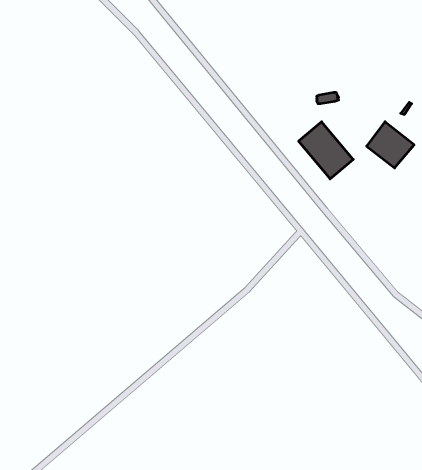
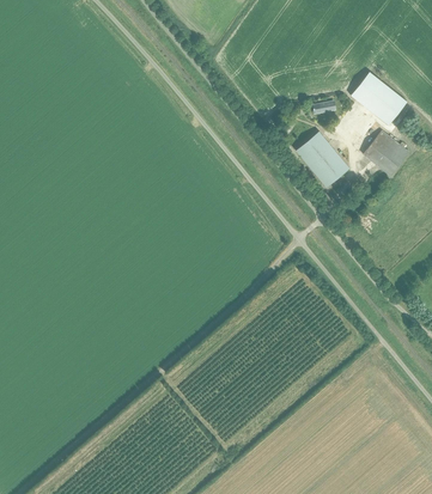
building: none -> [351,72,407,126]

